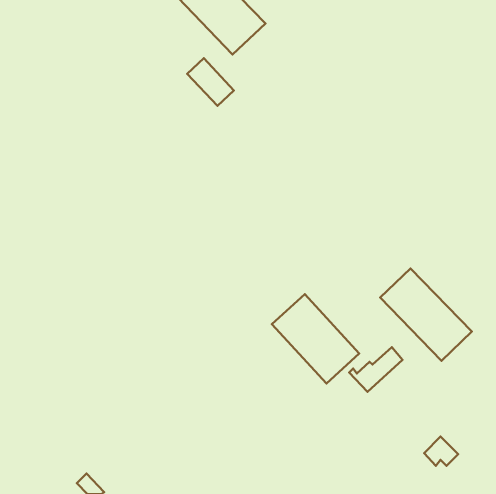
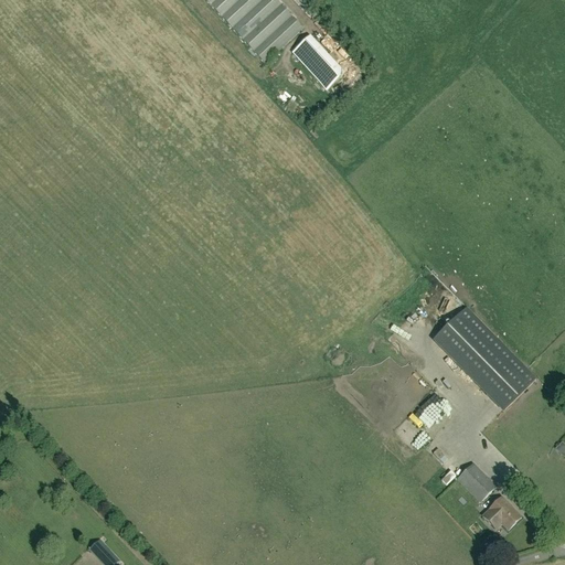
building: [187,58,234,106] -> [290,34,343,88]
building: [272,294,359,384] -> none
building: none -> [456,461,495,501]

